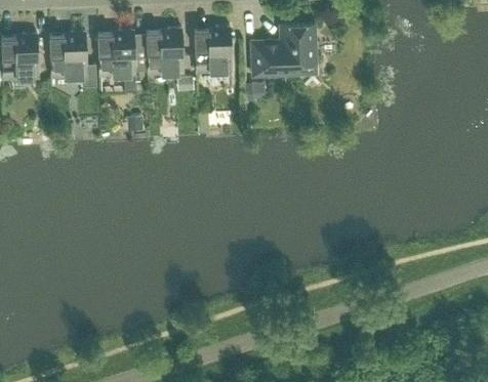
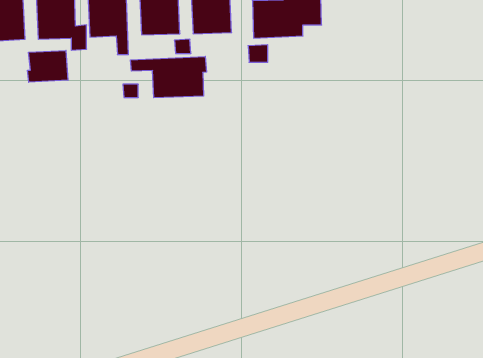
building: none -> [28,50,68,82]
building: none -> [131,56,206,98]

